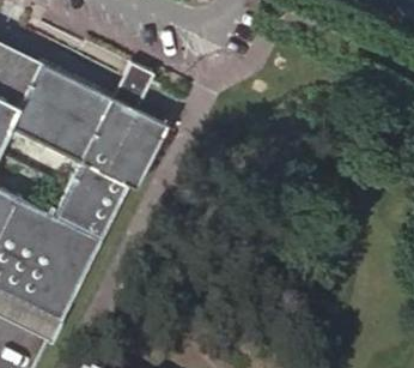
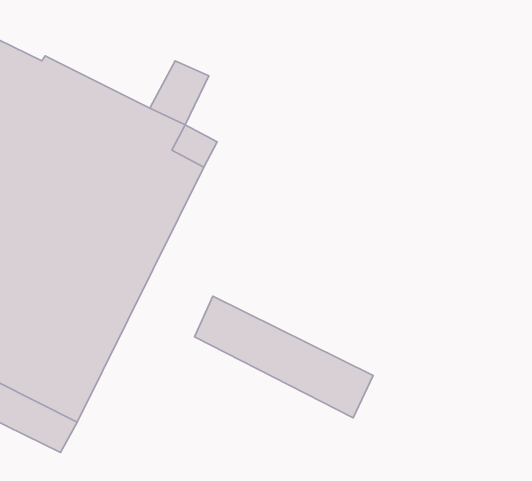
building: none -> [194,296,373,418]

